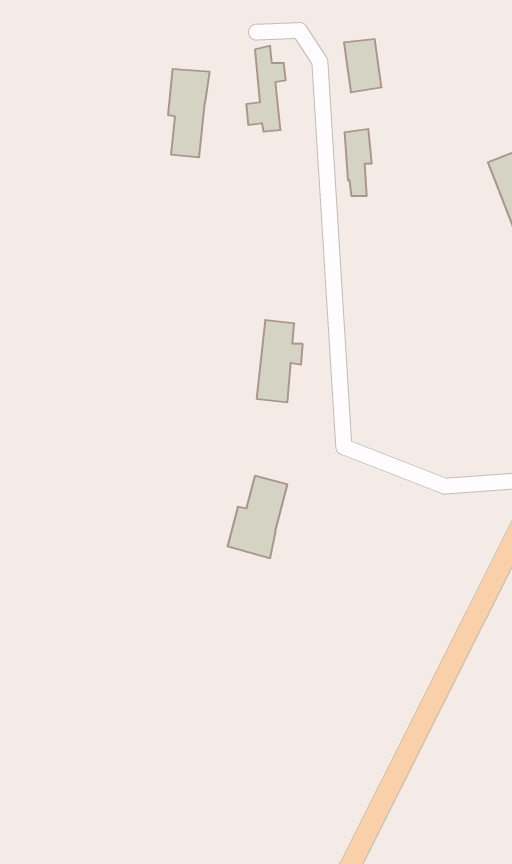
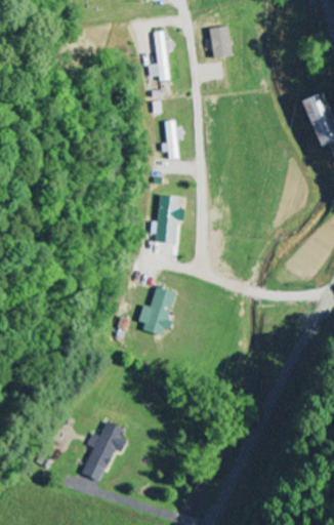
building: [168,69,209,157] -> none
building: [344,129,372,196] -> [166,118,182,158]
building: none -> [82,420,126,481]

